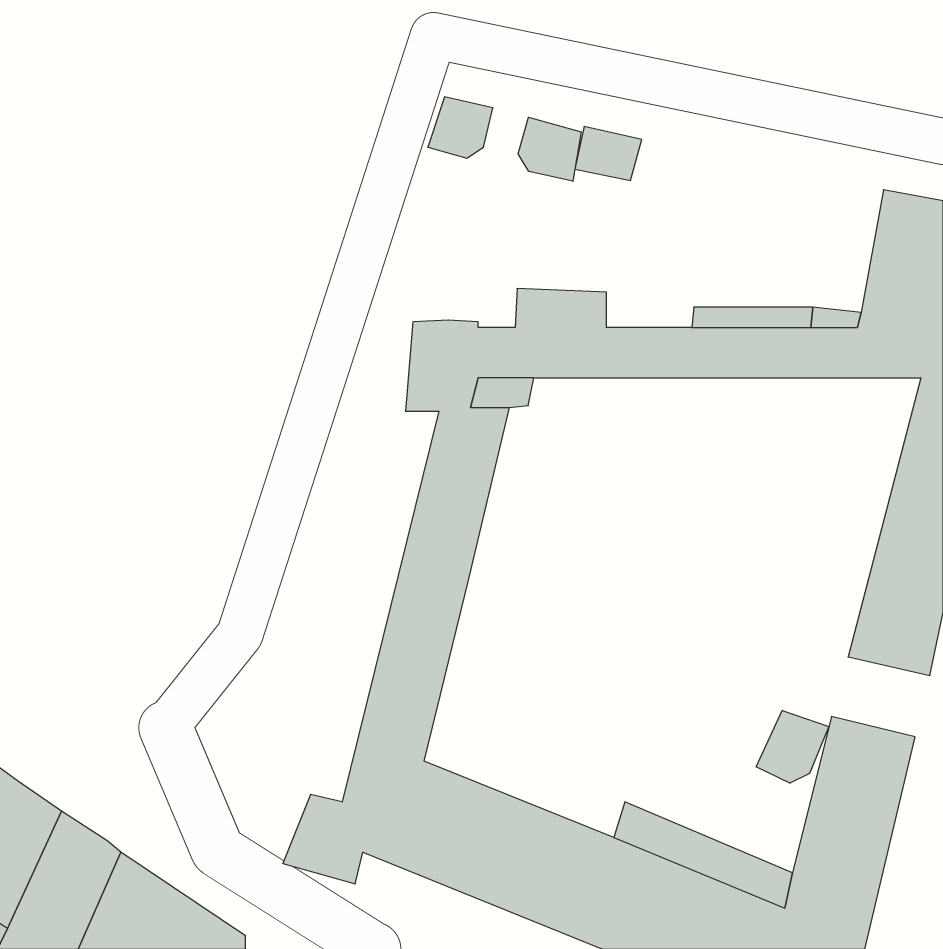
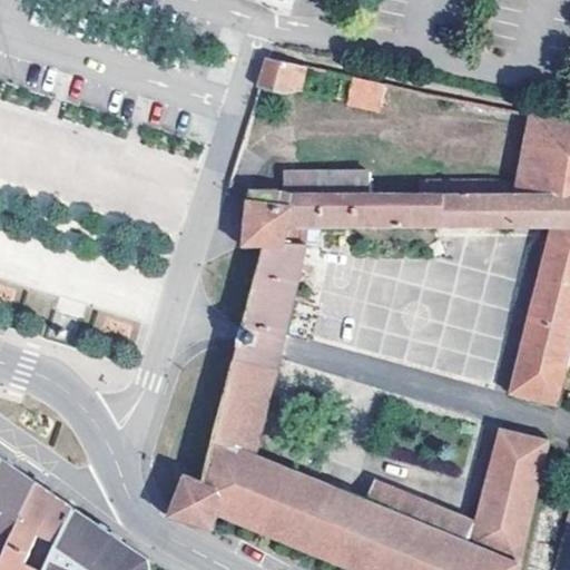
building: [518,117,581,181] -> none
building: [756,710,829,783] -> none

